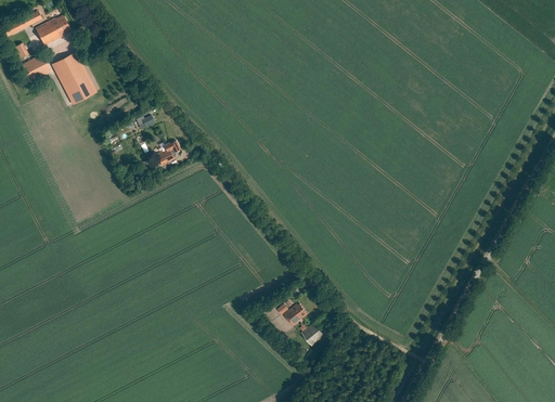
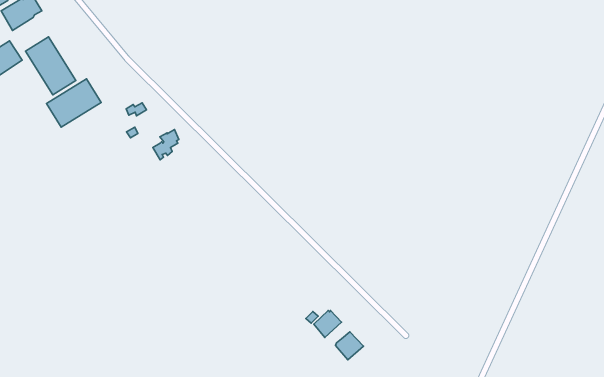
building: none -> [46,79,101,127]

